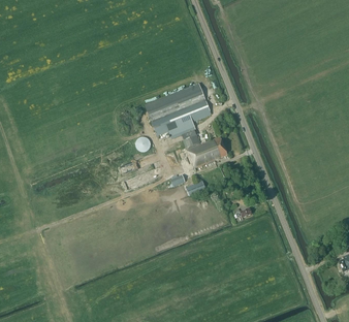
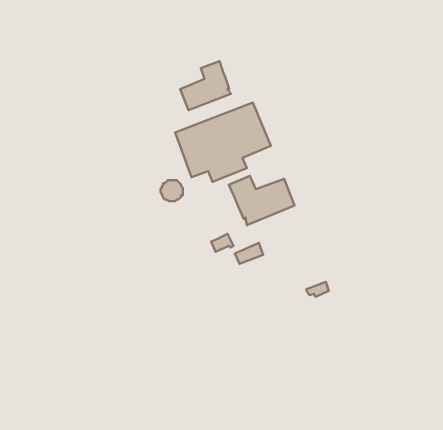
building: none -> [180,61,231,110]

